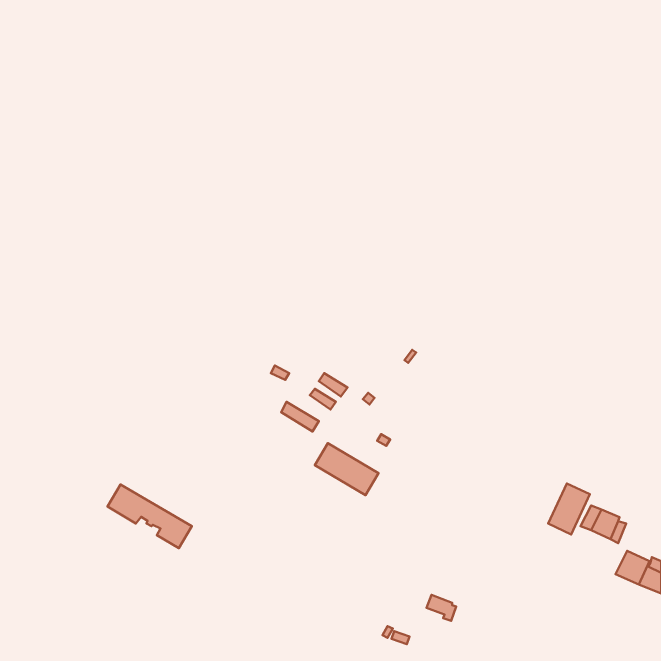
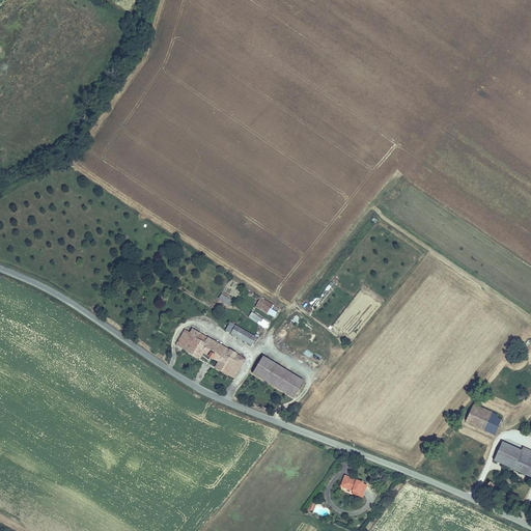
building: [548,484,590,534] -> none
building: [107,485,192,548] -> [176,326,244,376]

